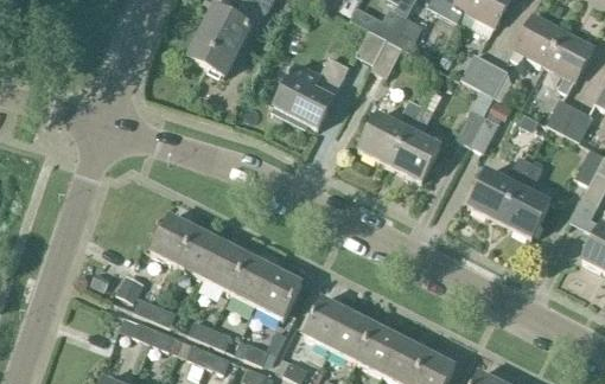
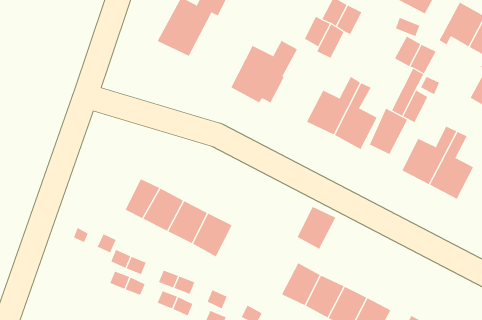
building: none -> [369,108,408,155]
building: [255,269,302,320] -> none
building: [304,299,349,348] -> [297,206,336,250]

